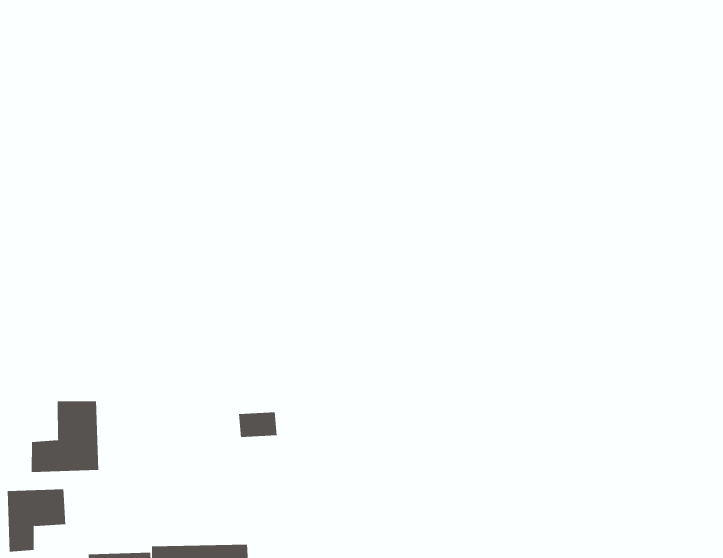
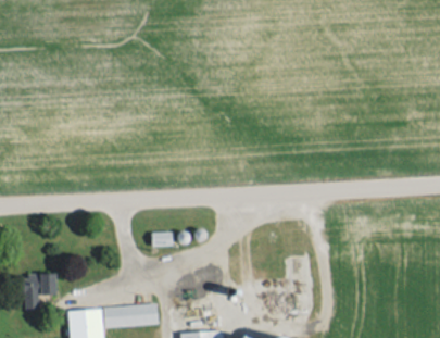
building: [31,401,99,473] -> none

